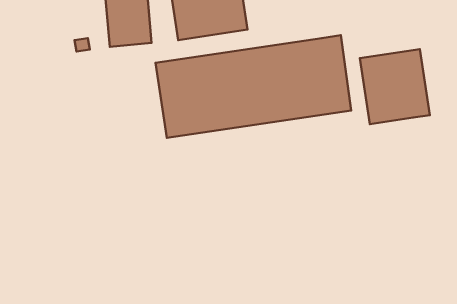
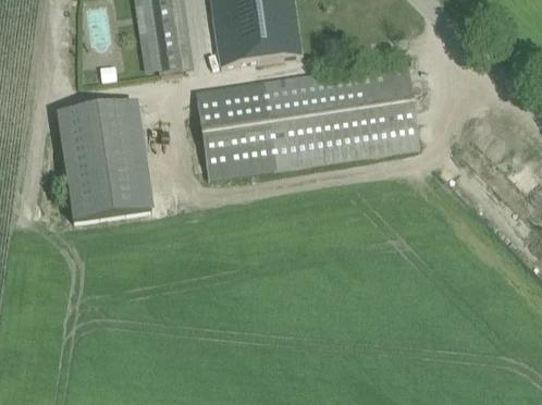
building: [360,49,430,124] -> none
building: none -> [53,99,152,222]

